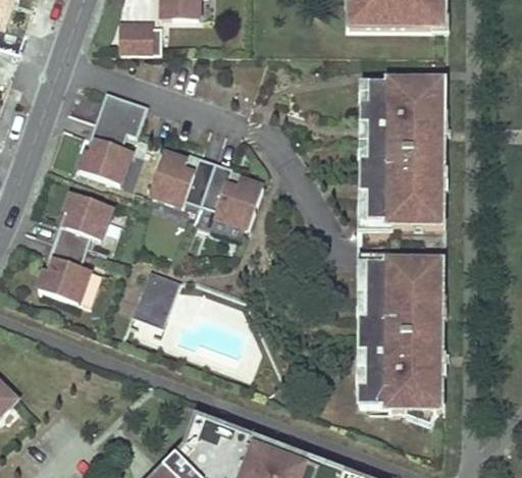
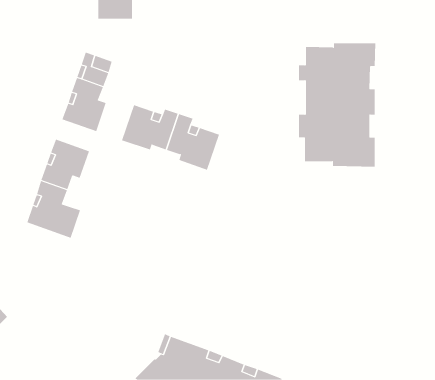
building: [353,257,443,407] -> none
building: [134,269,182,326] -> none

